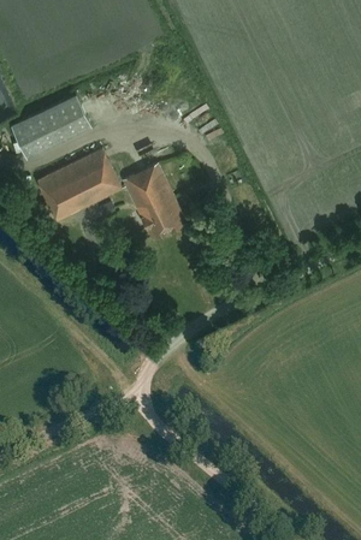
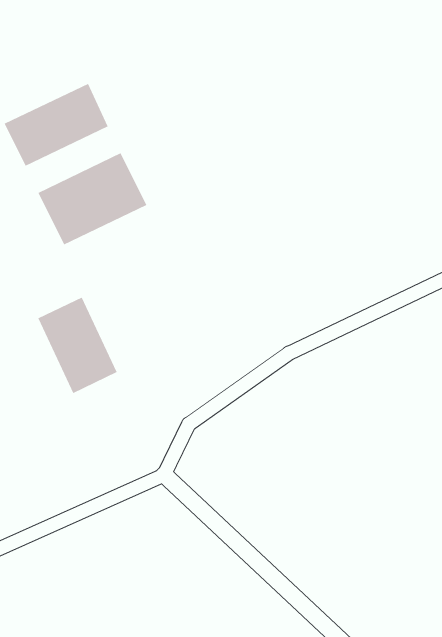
building: [123,161,185,237] -> [37,297,118,394]

